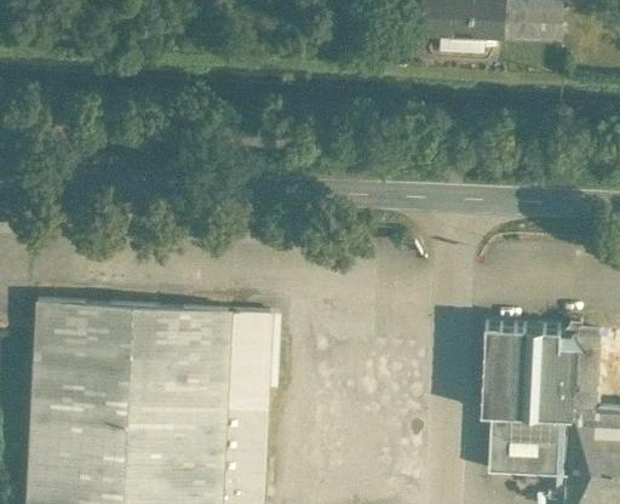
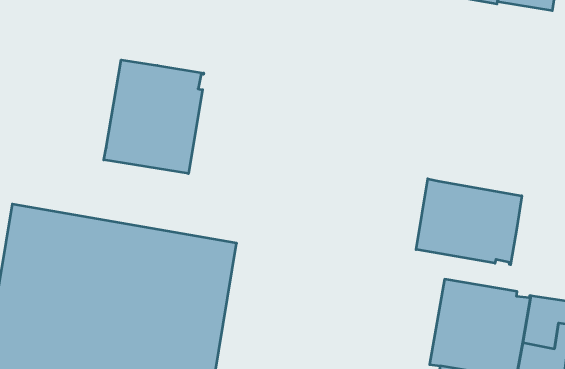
building: none -> [104,60,204,174]
building: none -> [416,179,522,265]

